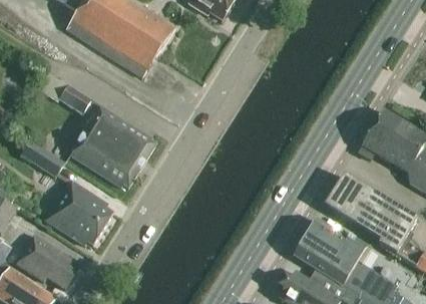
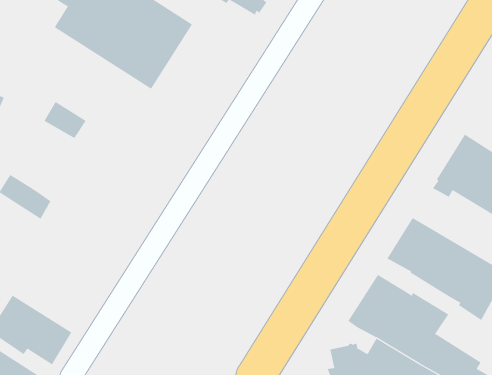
building: [70,105,155,187] -> none
building: [45,179,111,244] -> none

